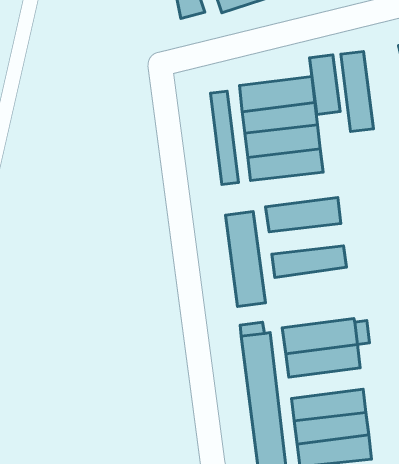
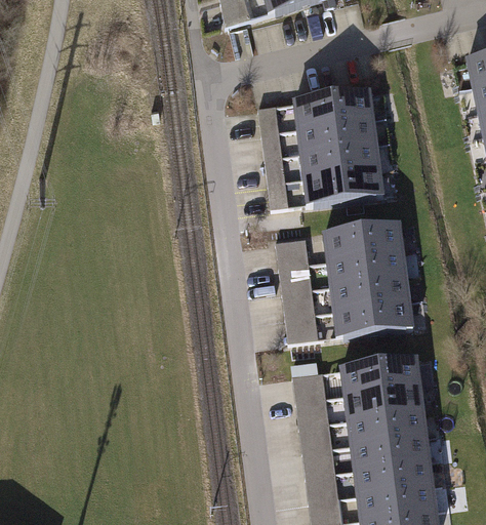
building: [341,51,373,132] -> none
building: [310,55,340,114] -> none
building: none -> [323,250,405,284]
building: none -> [329,298,412,335]
building: none -> [345,409,427,443]

